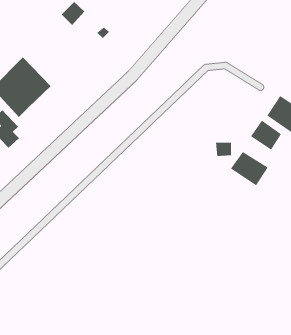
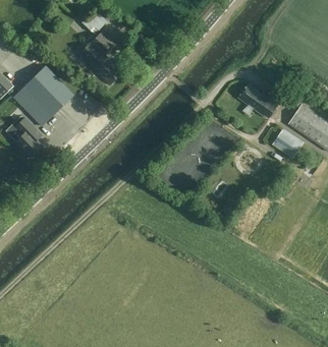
building: none -> [78,32,121,84]
building: none -> [237,83,278,118]
building: [230,151,268,186] -> none

